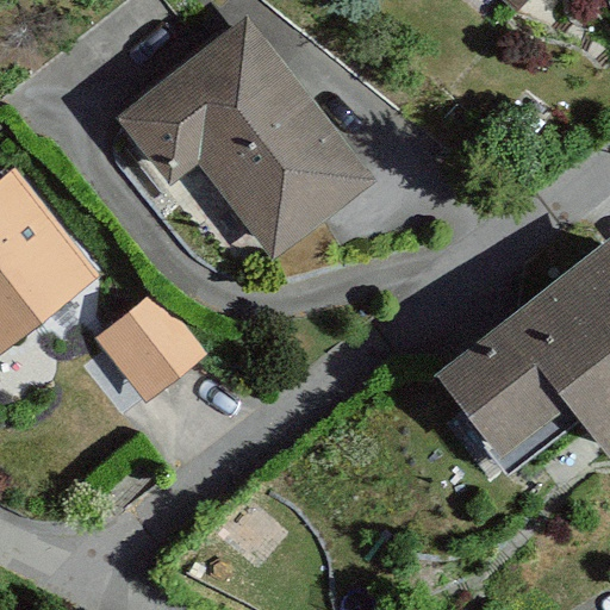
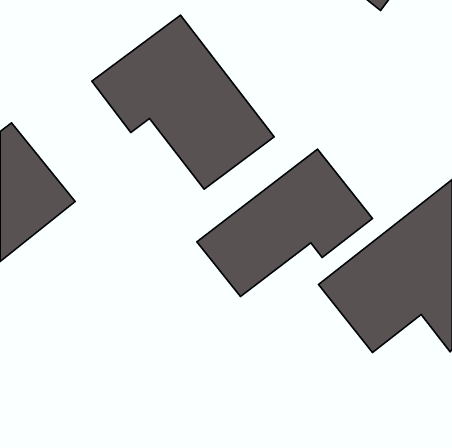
building: none -> [197,149,372,296]
building: [95,287,208,400] -> none

